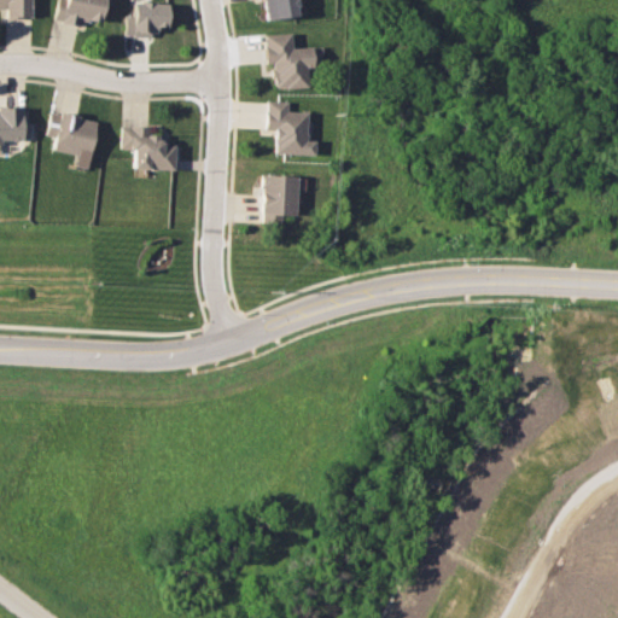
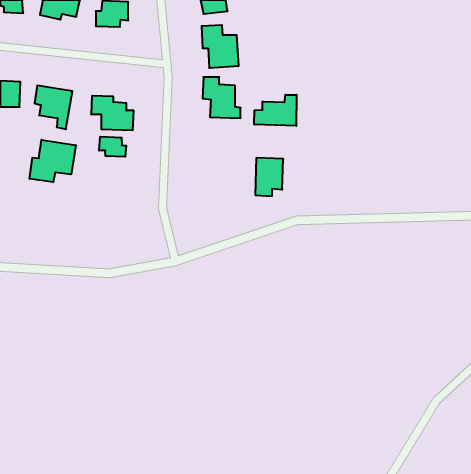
building: none -> [254,95,297,126]
building: [263,175,299,225] -> [255,158,283,196]
building: none -> [99,137,126,157]
building: none -> [30,140,76,182]

